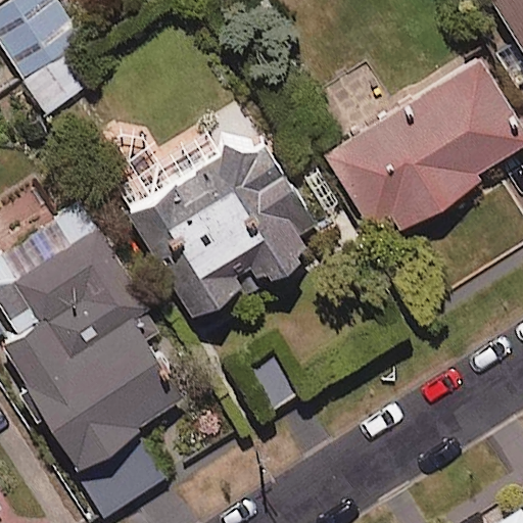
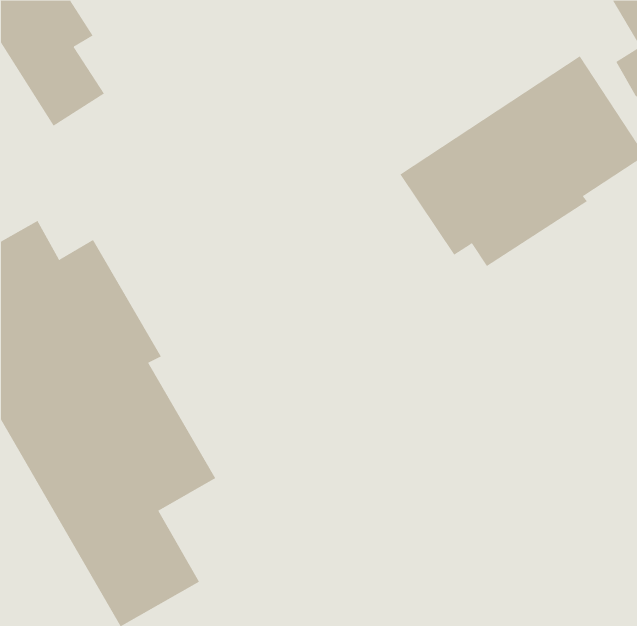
building: [118,121,318,315] -> none

